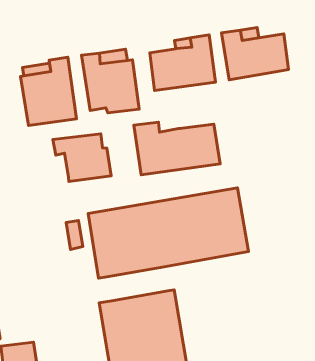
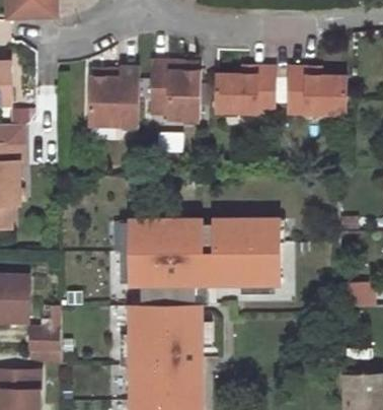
building: [134,122,220,175] -> none
building: [53,134,111,182] -> none
building: none -> [139,280,195,304]

